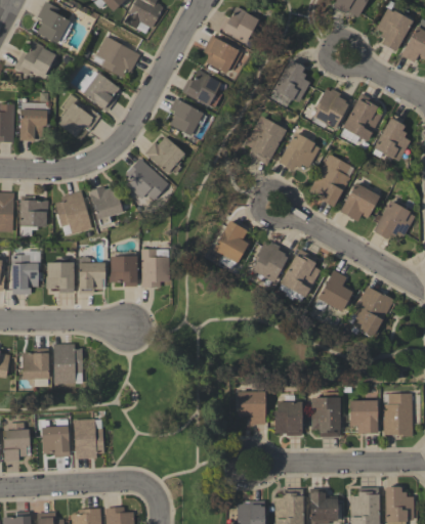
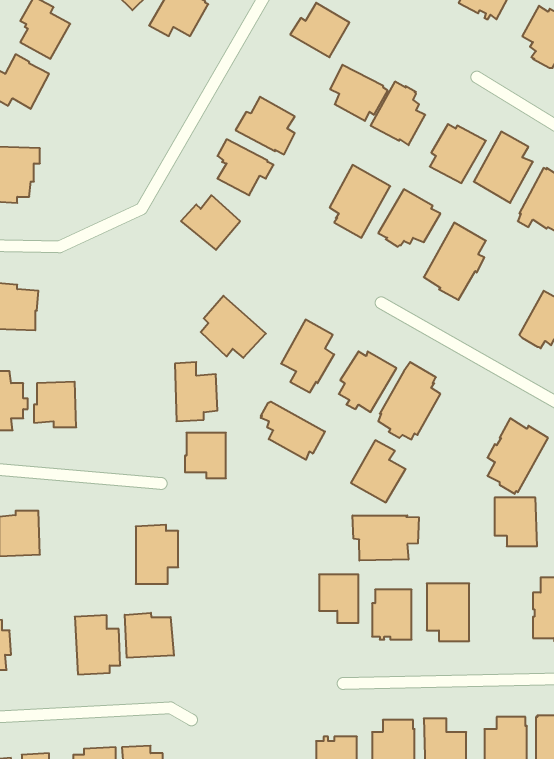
building: [204,36,243,74] -> [330,65,388,121]
building: [96,37,140,78] -> none
building: [83,73,120,112] -> none
building: [57,93,101,137] -> none
building: [125,159,169,201] -> [201,296,266,358]
building: [340,183,380,222] -> none
building: [89,186,123,225] -> none
building: [55,190,93,234] -> none
building: [110,256,137,287] -> [185,433,226,478]
building: [79,257,105,294] -> none
building: [317,270,354,312] -> [351,440,406,502]
building: none -> [261,402,325,460]
building: [54,344,83,384] -> [136,525,178,584]
building: none -> [353,515,419,561]
building: [349,401,378,434] -> [495,498,537,546]
building: none -> [125,613,174,658]
building: [42,426,71,457] -> none

